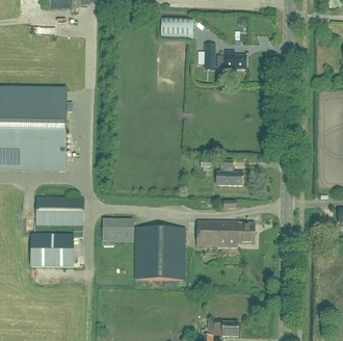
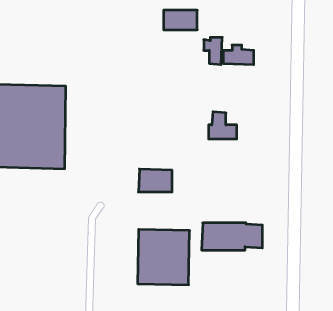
building: [216,159,243,185] -> [209,112,237,139]
building: [36,196,83,225] -> none
building: [102,218,134,240] -> [138,169,172,192]
building: [31,233,74,266] -> none

